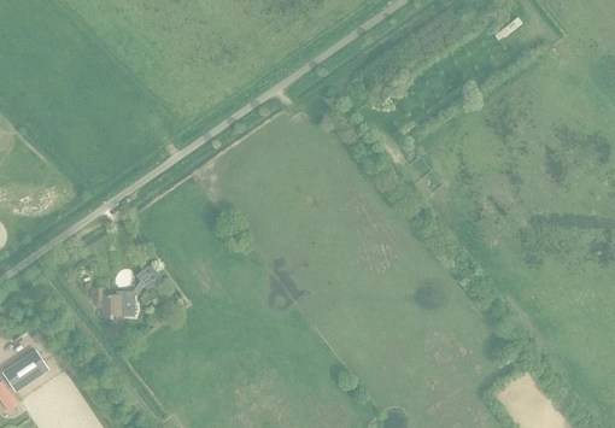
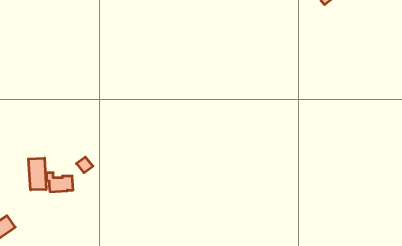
building: none -> [28,158,46,190]

